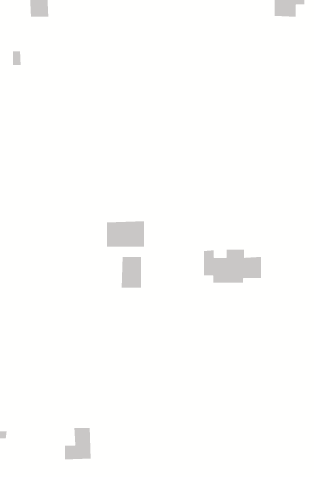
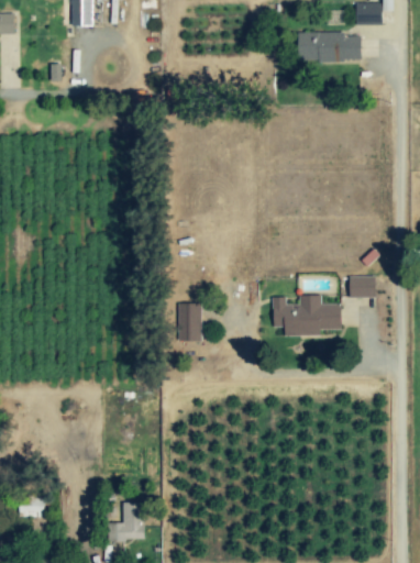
building: none -> [297,31,363,62]
building: [106,220,145,247] -> none
building: none -> [349,275,374,297]

